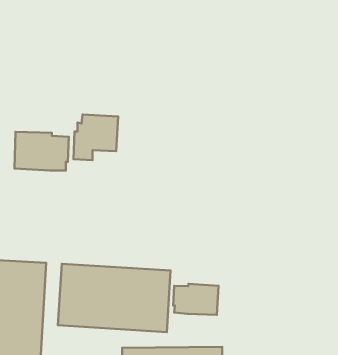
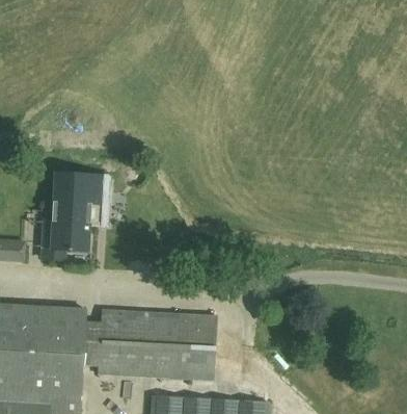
building: [74,115,118,160] -> [43,211,89,259]
building: [173,284,219,315] -> none

